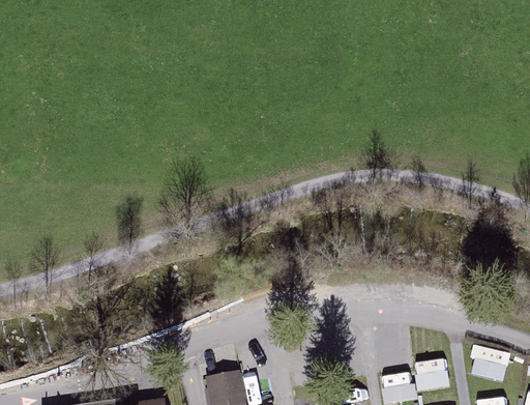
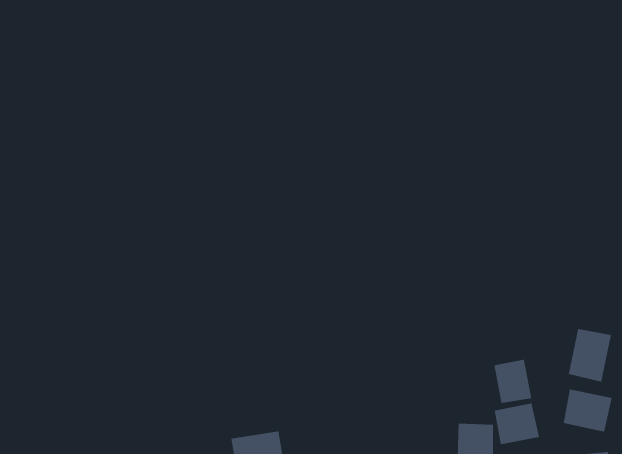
building: none -> [568,328,611,383]
building: none -> [494,359,532,404]

